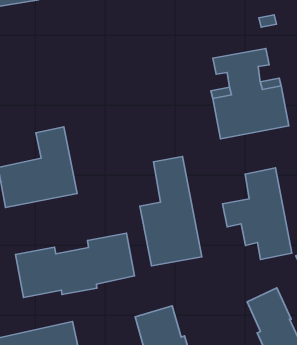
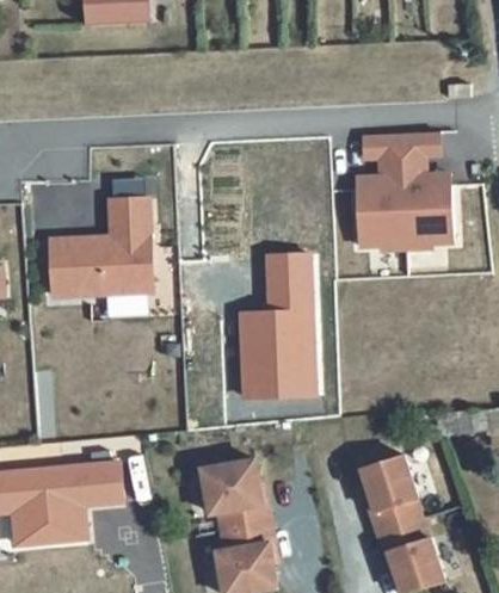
building: [222,168,292,260] -> none
building: [15,233,134,298] -> none

